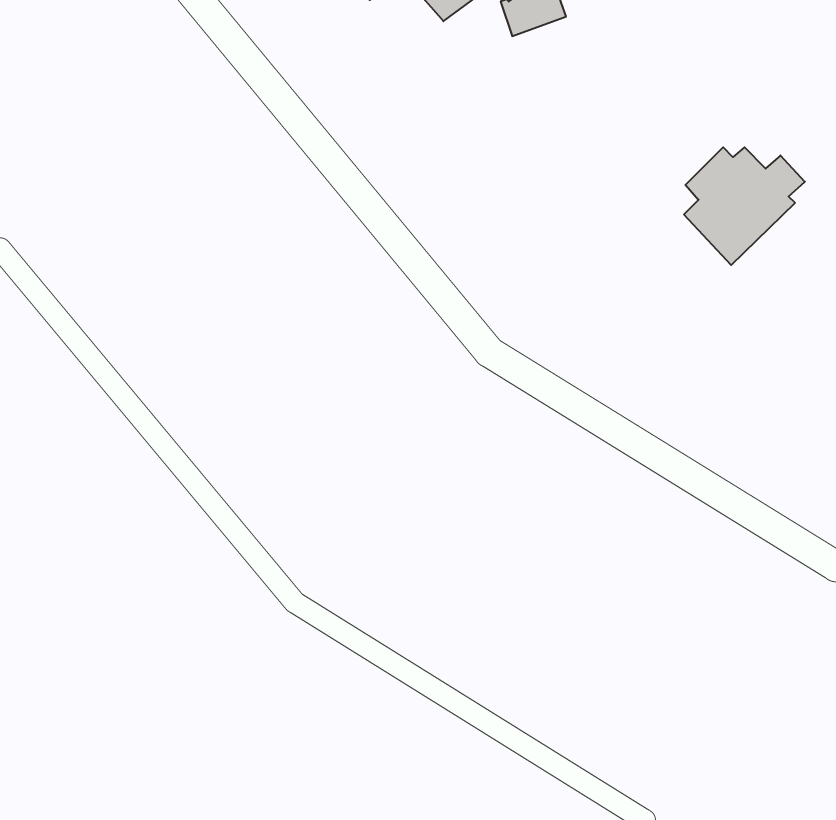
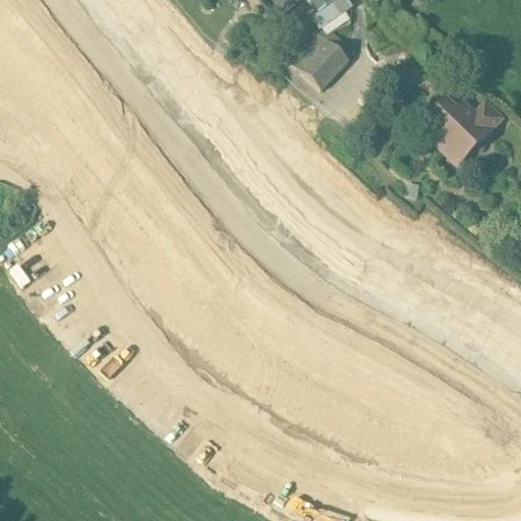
building: none -> [299,33,349,83]

